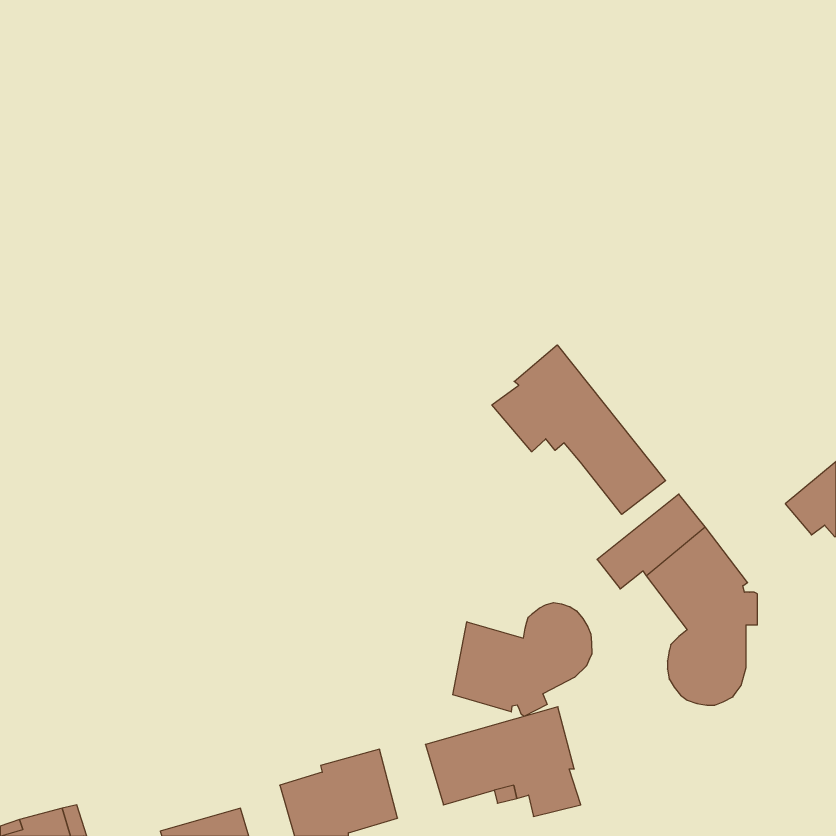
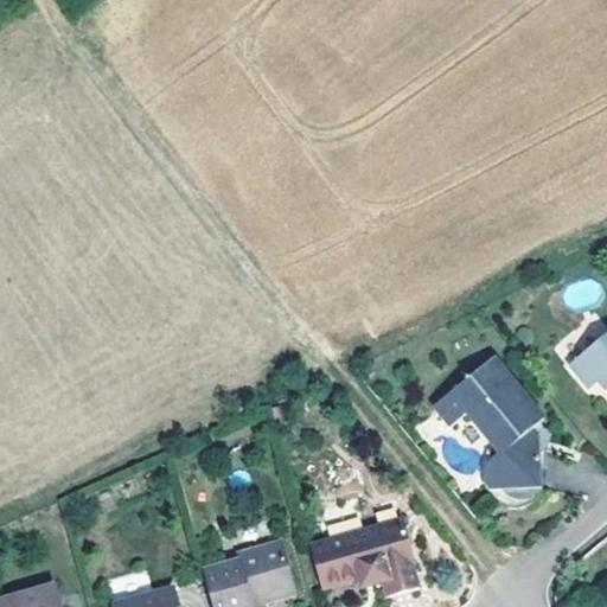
building: [492,345,666,514] -> none
building: [453,603,592,716] -> none

